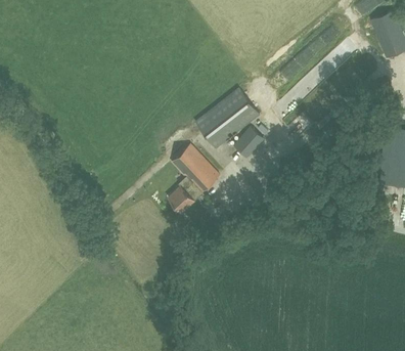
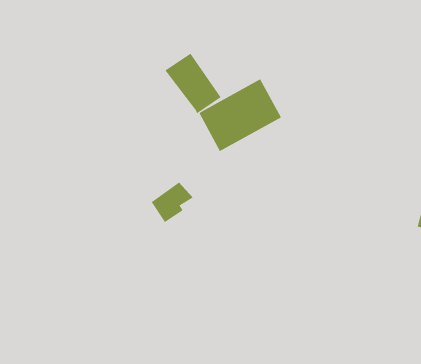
building: [235,127,265,157] -> none
building: [172,144,220,191] -> [164,53,222,114]

